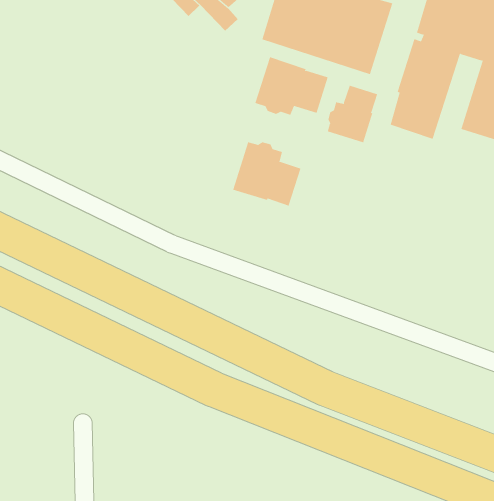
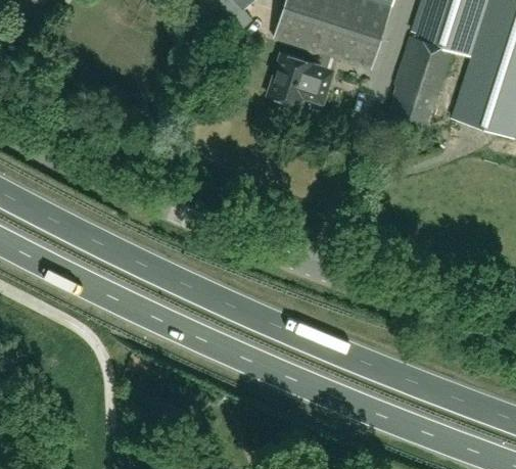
building: [327,85,378,143] -> none
building: [232,141,301,206] -> none

